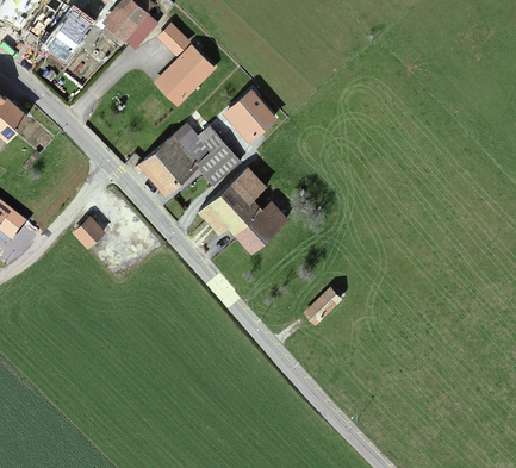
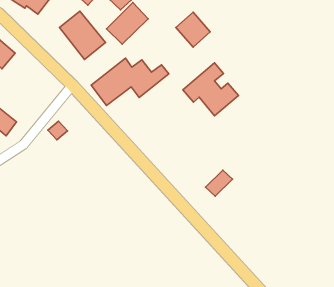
building: none -> [59,11,105,60]
building: [224,91,274,142] -> [176,12,210,47]
building: [203,173,284,250] -> [183,63,238,116]

